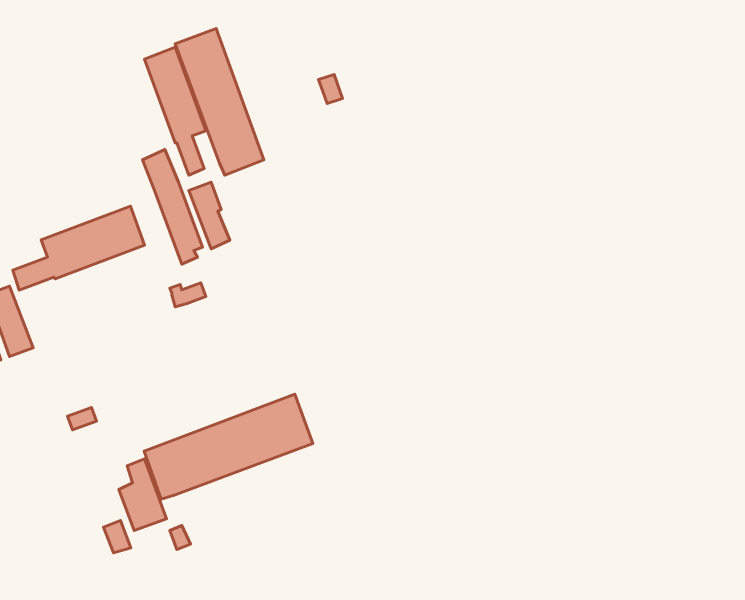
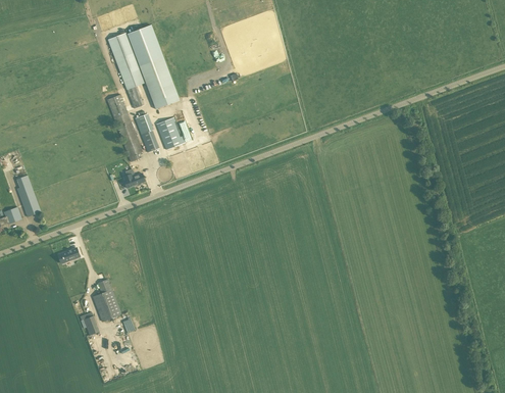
building: none -> [155,118,182,150]
building: [13,206,145,290] -> none
building: [144,394,313,499] -> none

